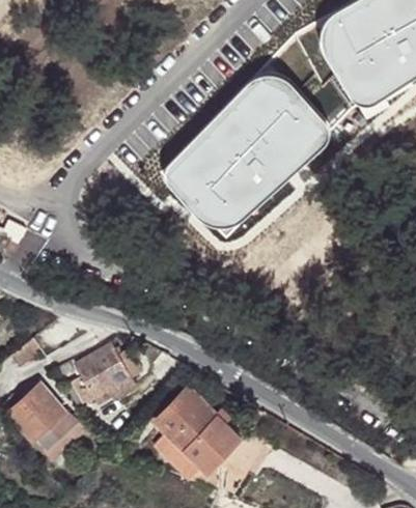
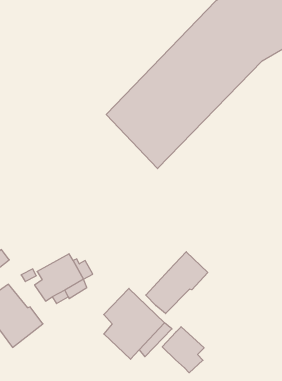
building: none -> [146,252,208,314]
building: none -> [162,327,204,373]

